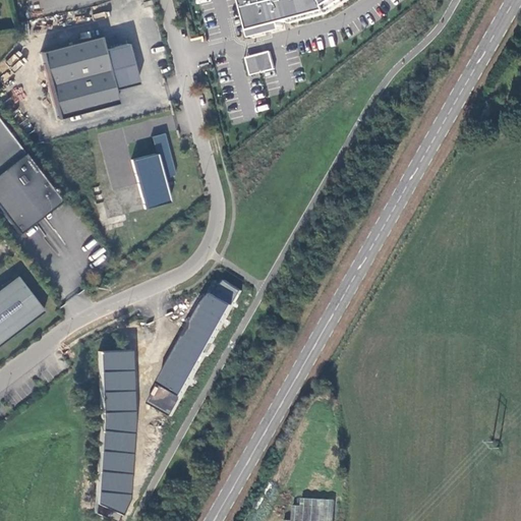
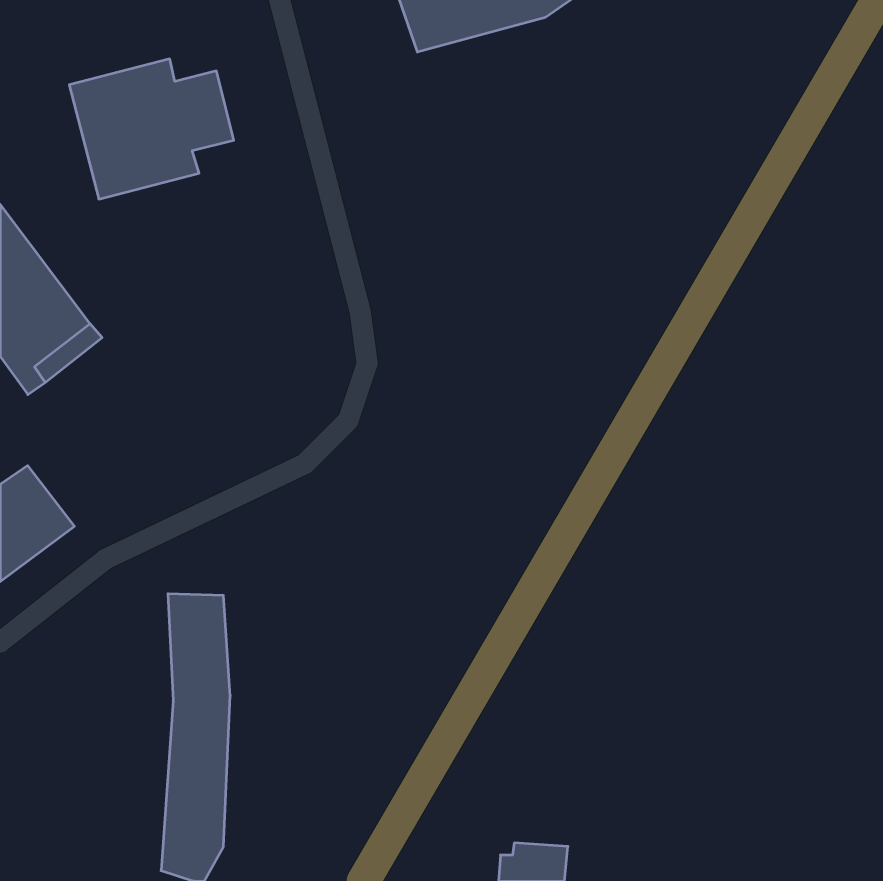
building: [245,49,274,73] -> none
building: [132,131,176,207] -> none
building: [147,275,241,415] -> none

